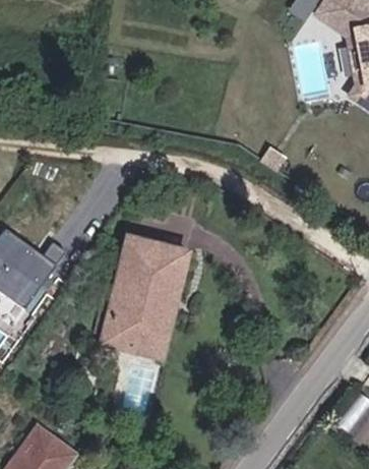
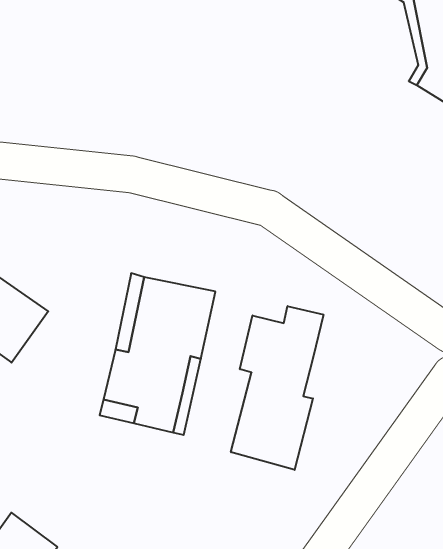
building: none -> [231,306,323,470]

